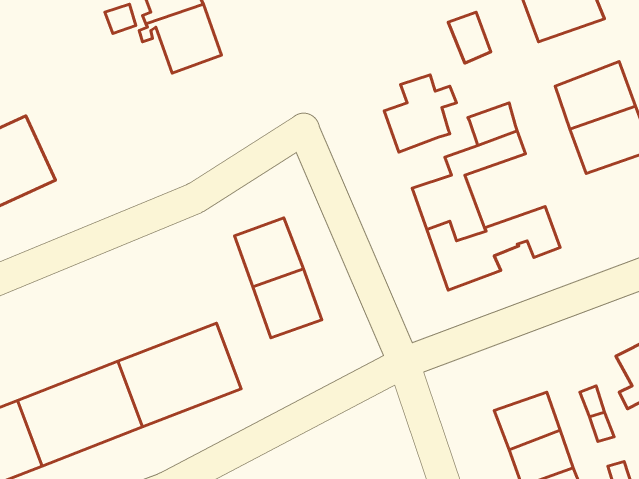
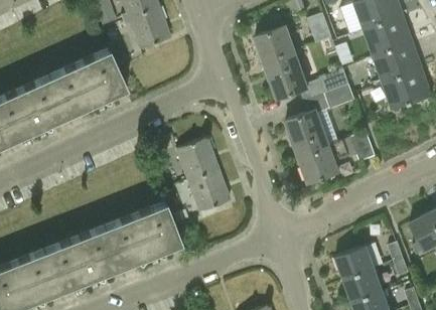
building: none -> [364,18,413,59]
building: none -> [256,27,297,74]
building: none -> [49,50,127,117]

